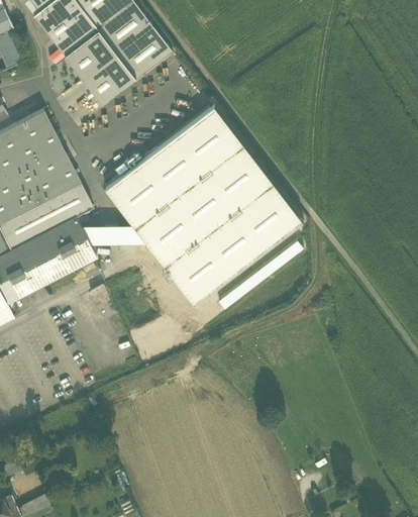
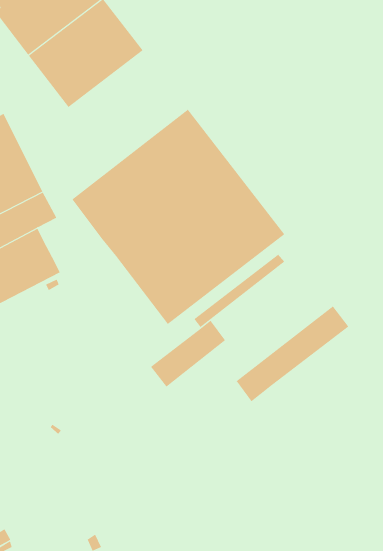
building: [80,227,145,243] -> none
building: none -> [236,305,349,402]
building: none -> [150,320,226,387]

